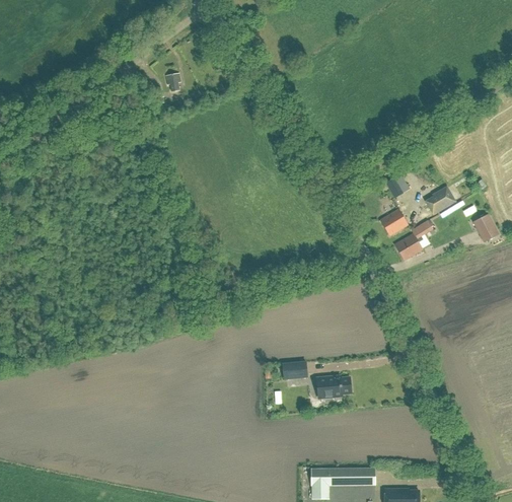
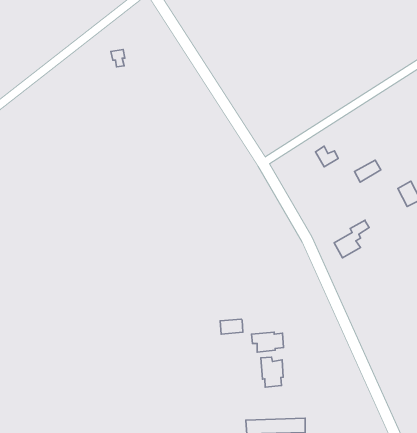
building: [379,209,409,236] -> none
building: [394,220,432,261] -> [334,220,369,258]
building: none -> [261,357,283,387]

